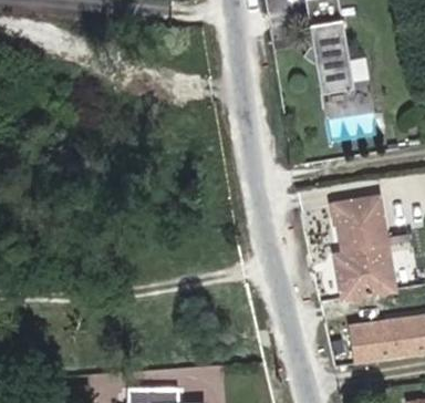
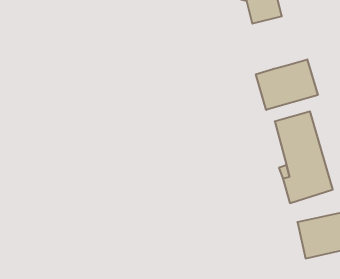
building: none -> [256,59,318,110]

